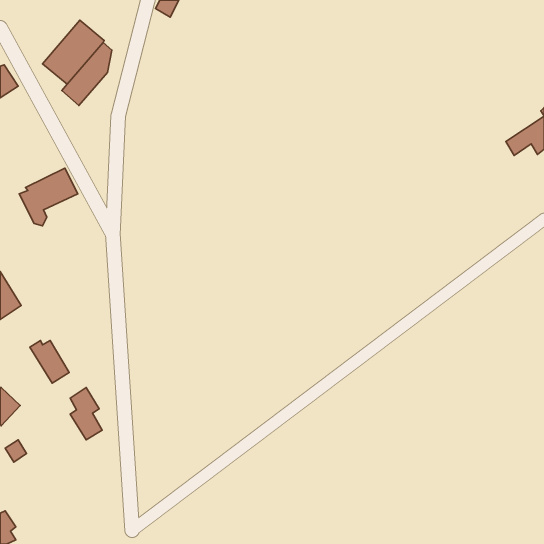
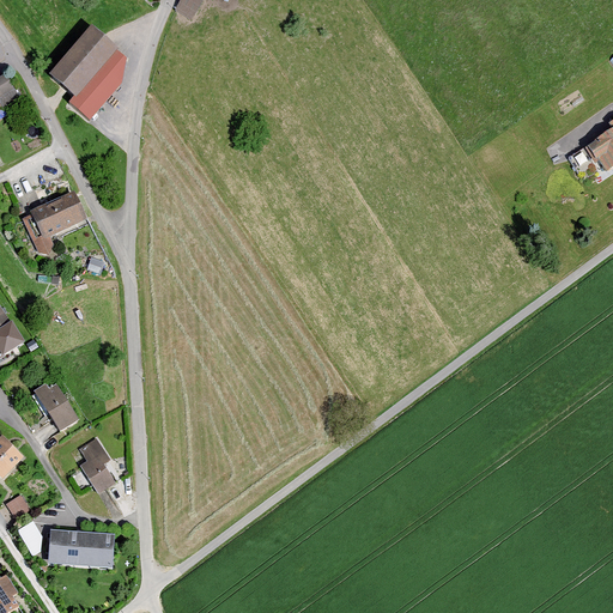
building: none -> [48,529,115,568]

